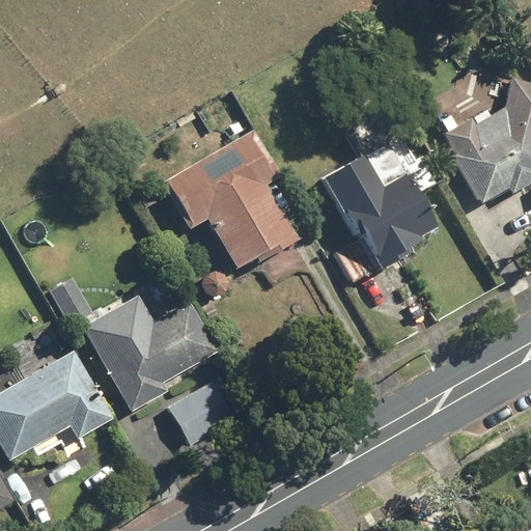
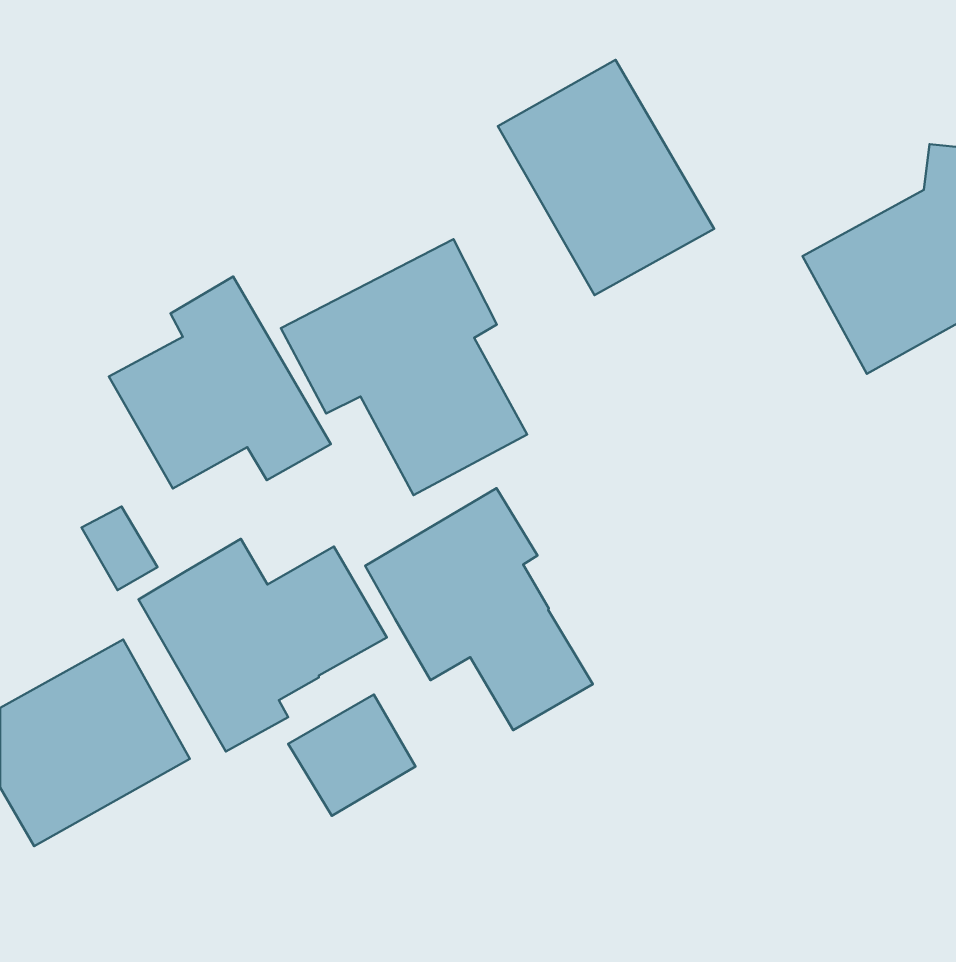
building: [323,144,441,273] -> [498,60,714,295]
building: none -> [109,276,331,489]
building: none -> [365,488,593,730]

